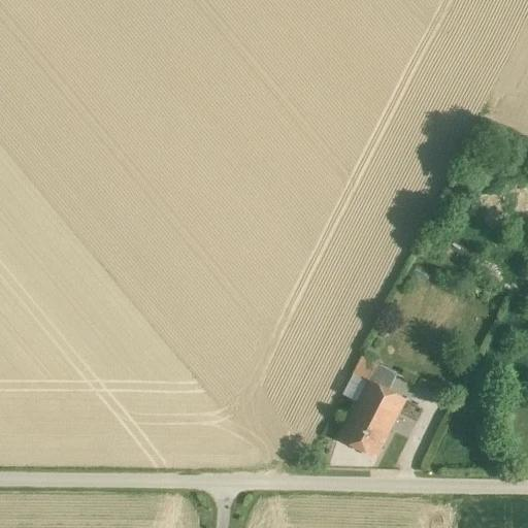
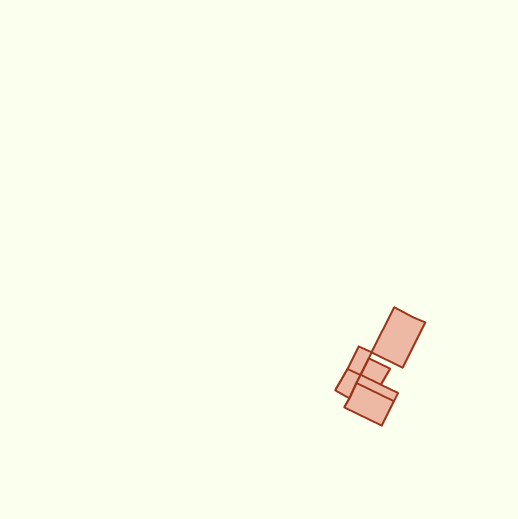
building: none -> [372,307,425,368]
building: [337,414,389,460] -> none

